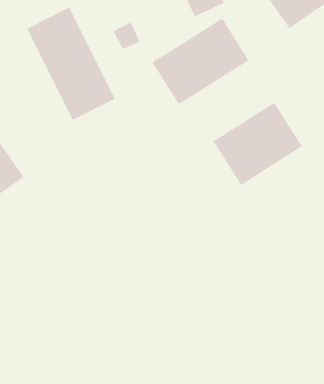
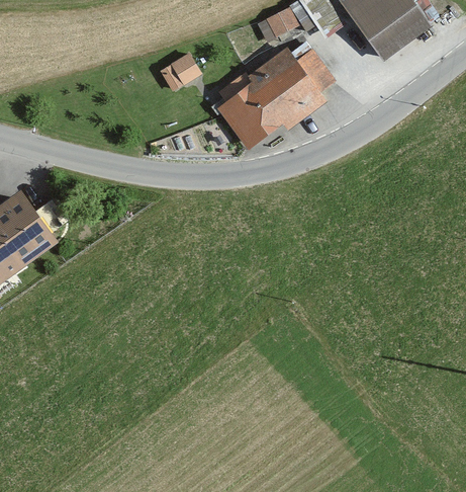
building: [26,7,116,121] -> none
building: [212,102,303,186] -> none

